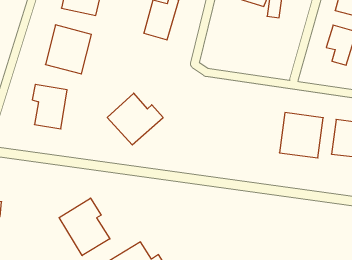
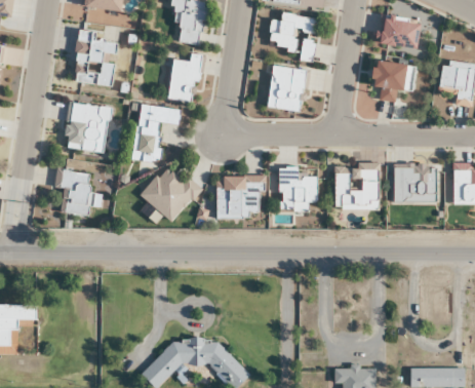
building: none -> [268,66,306,111]
building: none -> [132,104,182,161]
building: none -> [279,166,318,210]
building: none -> [217,174,265,218]
building: [59,198,110,256] -> none

